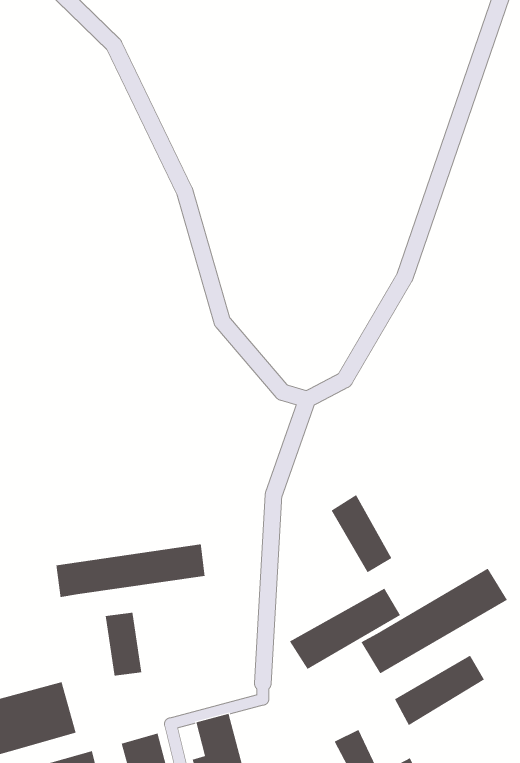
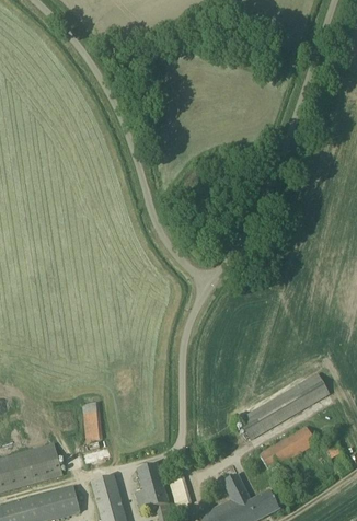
building: [331,494,392,573] -> none
building: [56,543,205,598] -> none
building: [289,588,401,670] -> none

